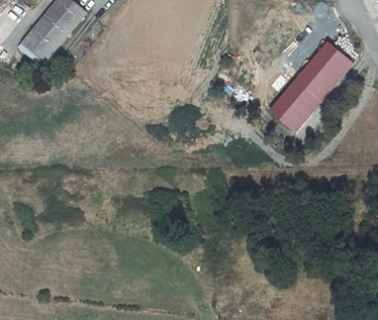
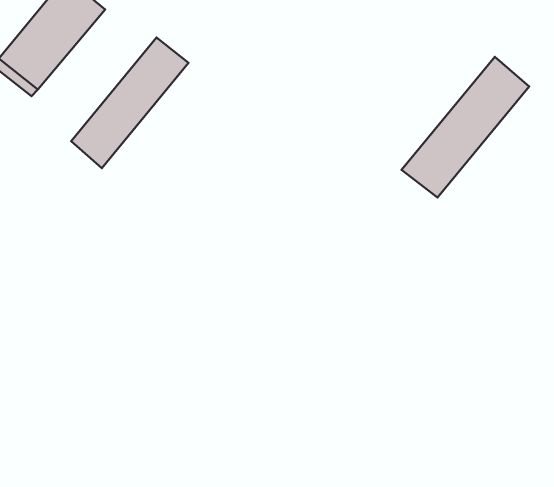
building: none -> [71,38,189,168]

